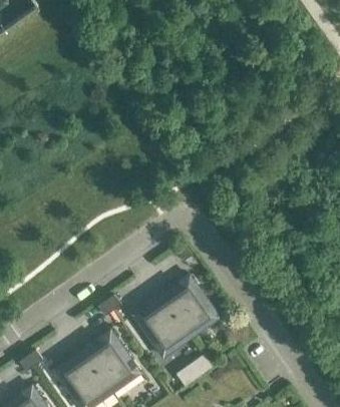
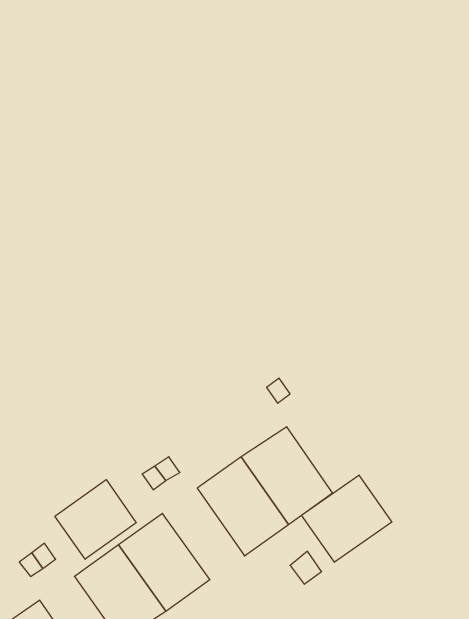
building: none -> [302,475,392,562]
building: none -> [55,480,136,559]

